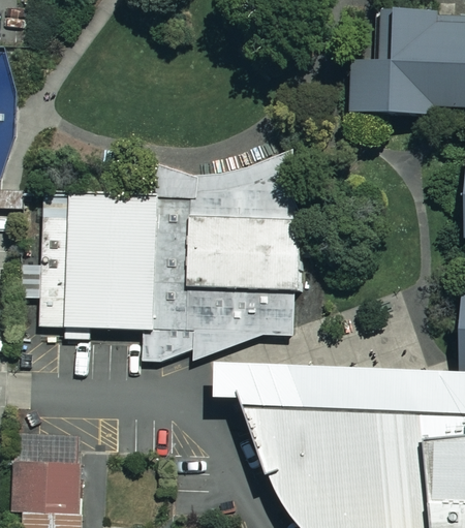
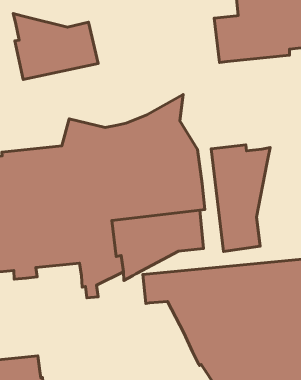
building: none -> [13,14,98,80]
building: none -> [211,145,270,252]

